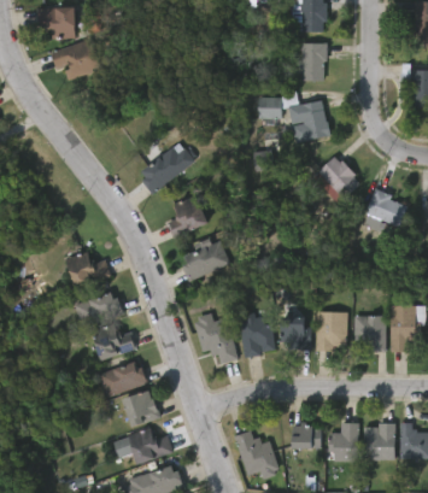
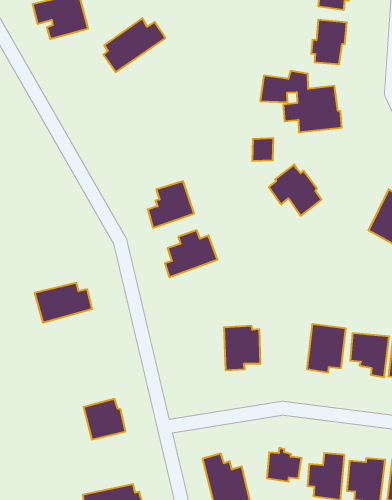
building: [143,145,197,194] -> [103,18,165,72]
building: [312,154,359,199] -> [269,164,321,216]
building: [64,251,111,287] -> none
building: [193,312,238,363] -> none
building: [283,316,313,350] -> none
building: [90,323,137,362] -> none
building: [98,360,147,397] -> none
building: [128,427,176,465] -> none

